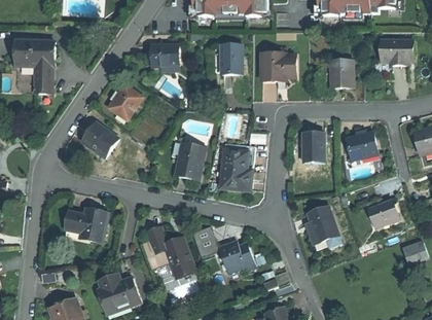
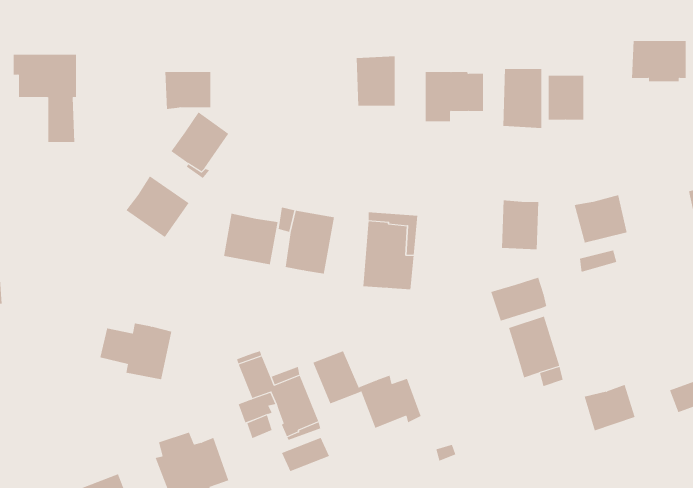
building: [148,50,176,73] -> [164,71,211,110]
building: none -> [503,68,542,129]
building: none -> [223,213,278,265]
building: none -> [491,277,547,322]
building: [367,195,398,223] -> [584,384,636,431]

